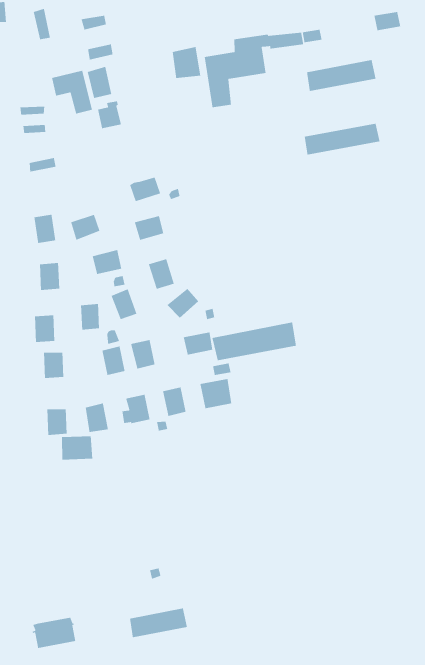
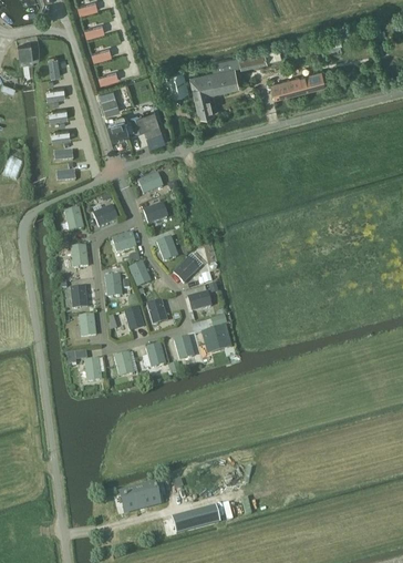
building: [51,70,93,115] -> [131,110,165,145]
building: [304,123,381,156] -> none
building: [212,322,297,361] -> none
building: [61,435,93,460] -> none
building: [32,617,76,649] -> [123,483,158,510]

